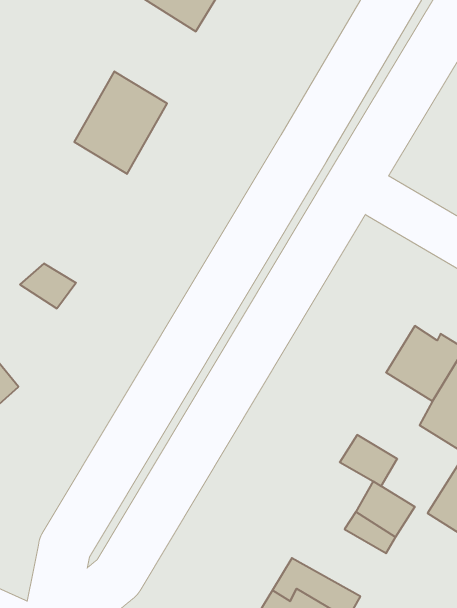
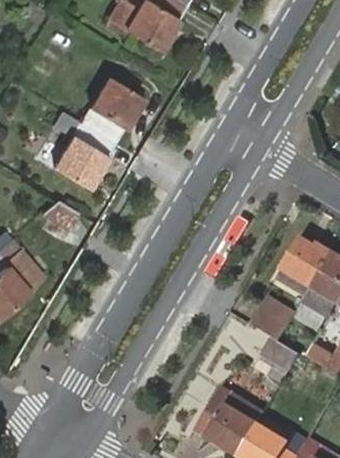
building: none -> [54,110,116,189]

